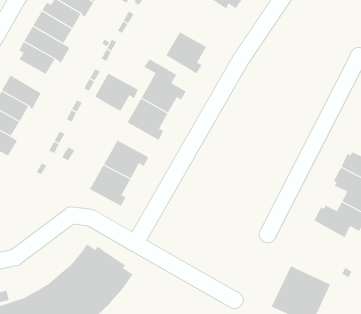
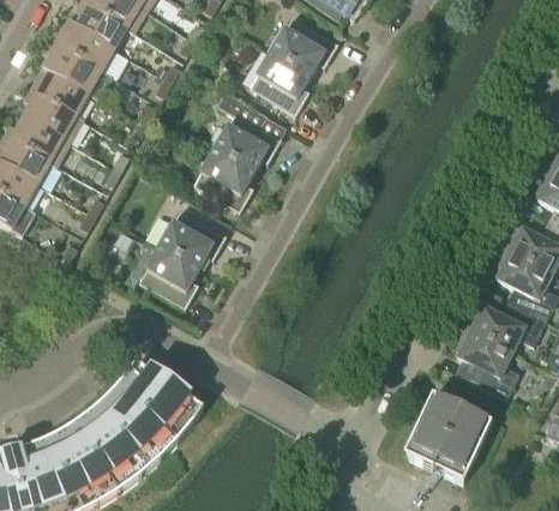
building: none -> [271,16,338,73]
building: none -> [24,91,84,140]
building: [94,73,139,112] -> none
building: none -> [457,326,519,397]

